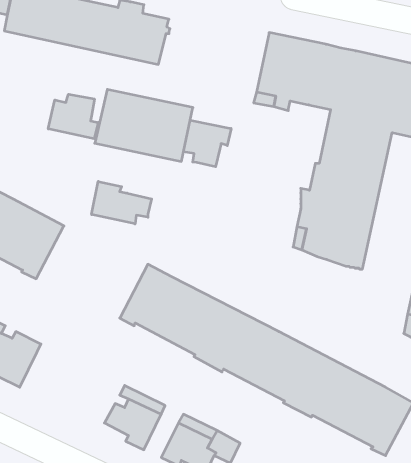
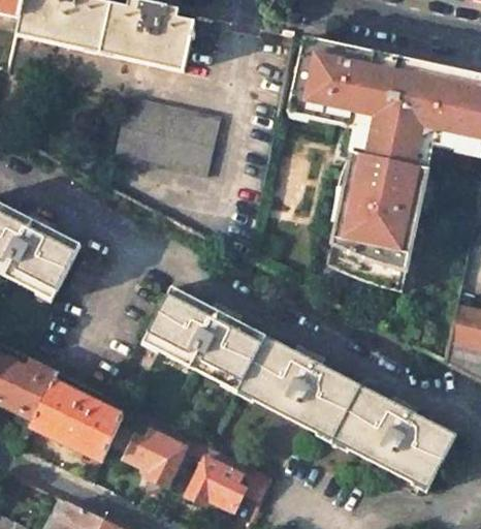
building: [48,94,98,139] -> none
building: [184,120,231,167] -> none
building: [92,181,152,224] -> none
building: none -> [30,380,123,461]

